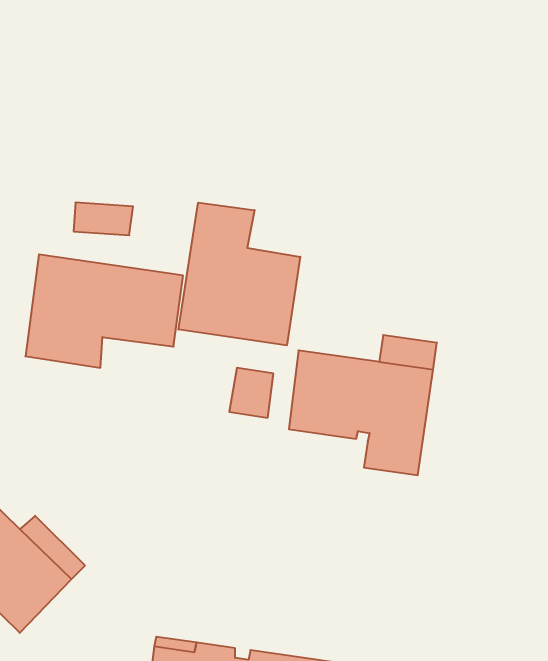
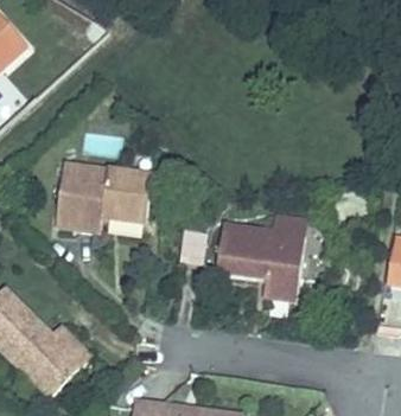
building: [178,203,300,345] -> none

